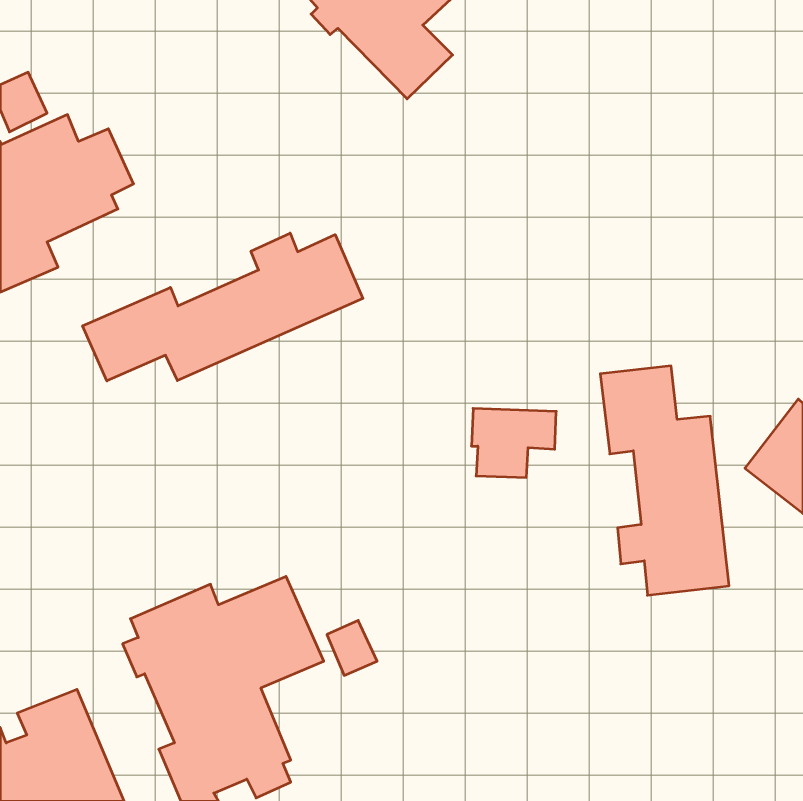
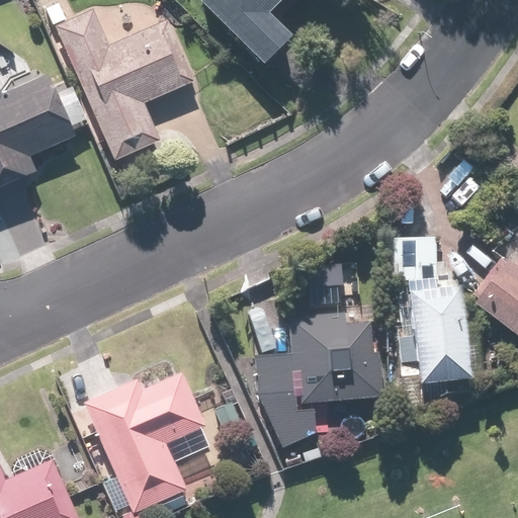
building: none -> [46,4,195,163]
building: [83,233,363,381] -> none
building: none -> [255,313,382,447]

